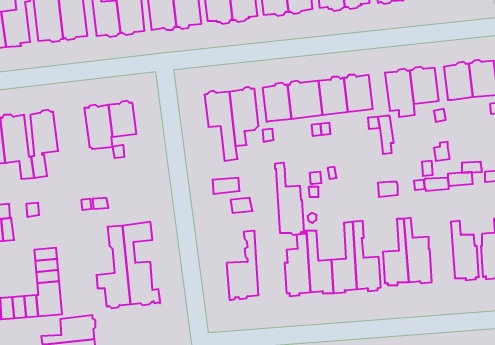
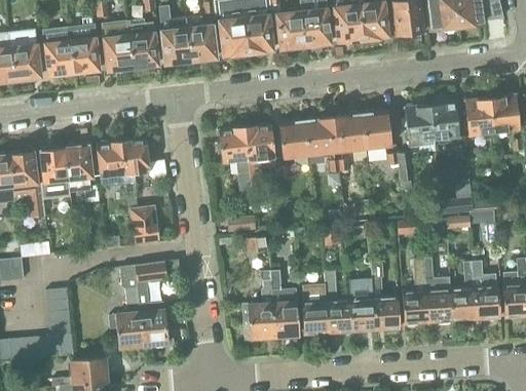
building: none -> [64,144,99,202]
building: [275,163,304,235] -> [269,264,299,338]
building: none -> [129,205,158,242]
building: none -> [450,261,476,322]

